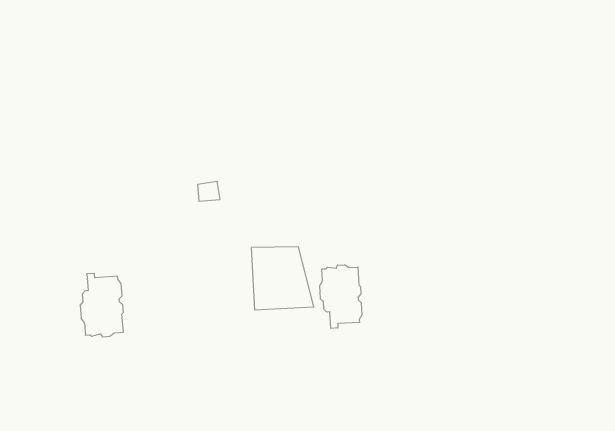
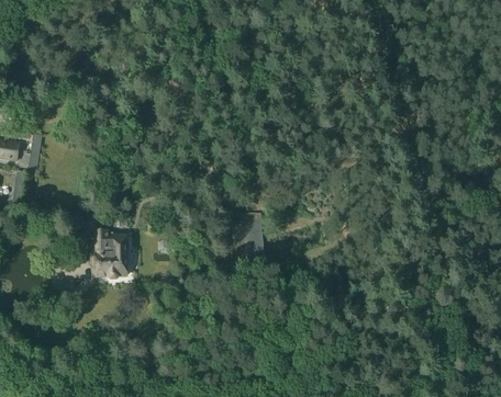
building: [320,265,362,328] -> none

